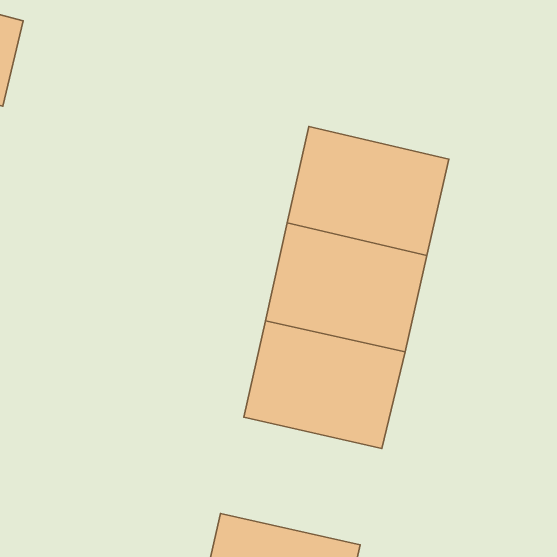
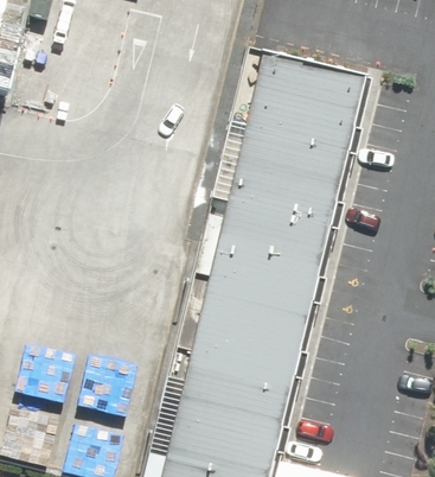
building: none -> [242,52,365,151]
building: none -> [174,348,298,445]

